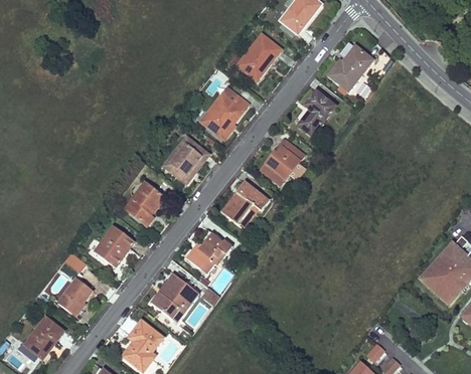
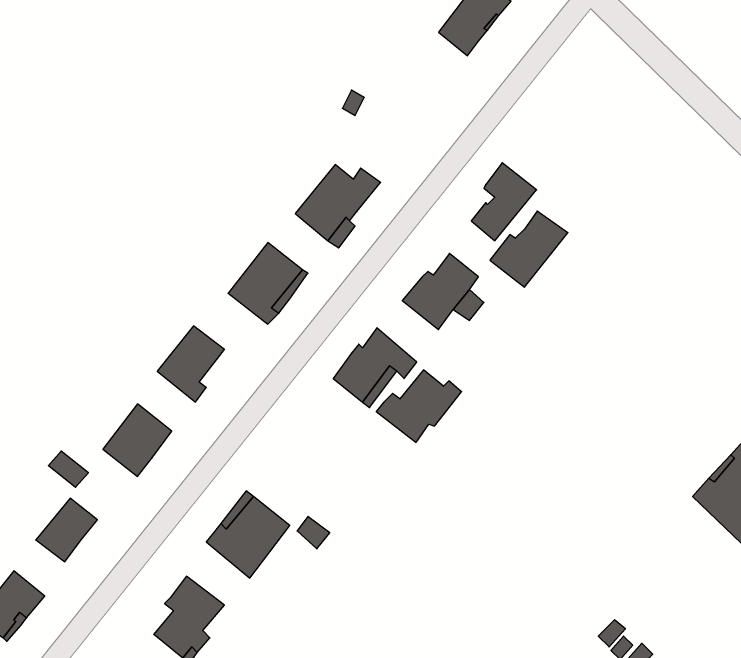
building: [238,33,281,78] -> none
building: [329,47,372,89] -> [490,211,568,287]
building: [185,233,232,273] -> [376,370,462,442]

